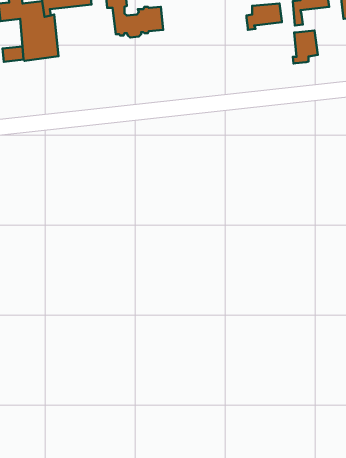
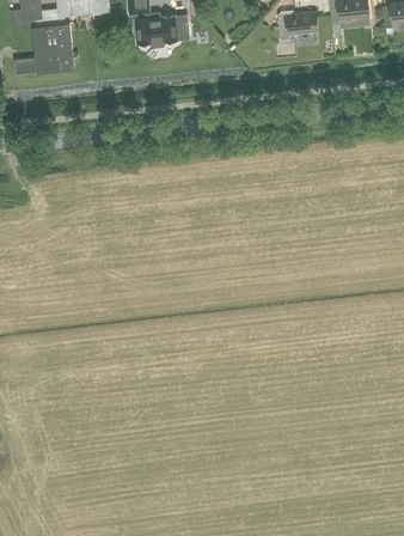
building: [293,31,318,64] -> none

